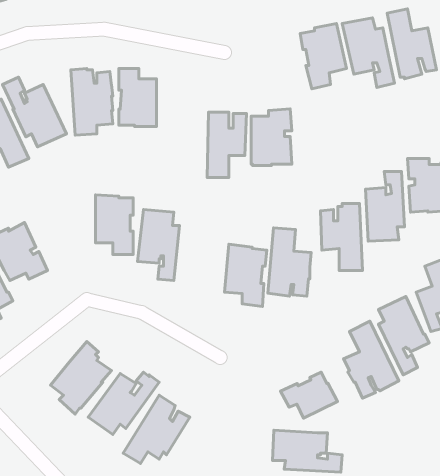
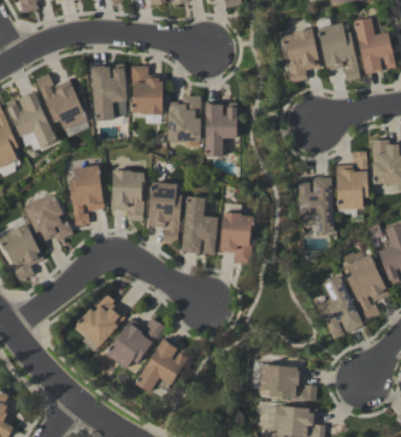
building: [251,109,292,166] -> [167,94,201,141]
building: none -> [70,165,105,224]
building: [268,228,311,296] -> [182,196,218,253]
building: [281,372,338,418] -> none

